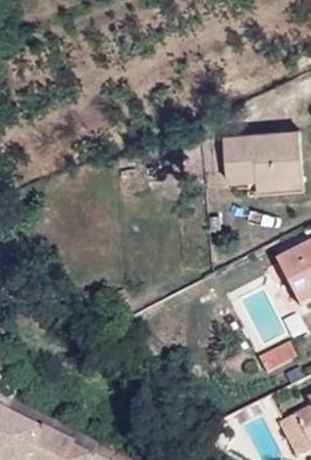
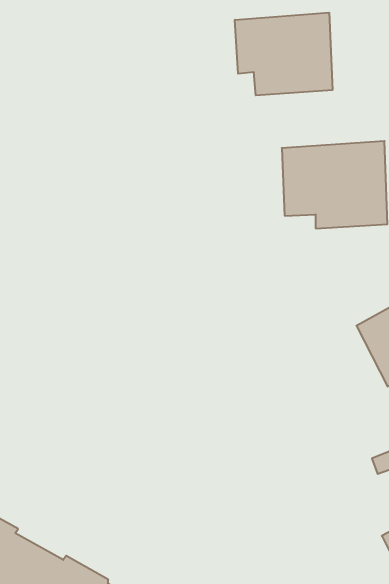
building: none -> [235,13,332,95]

